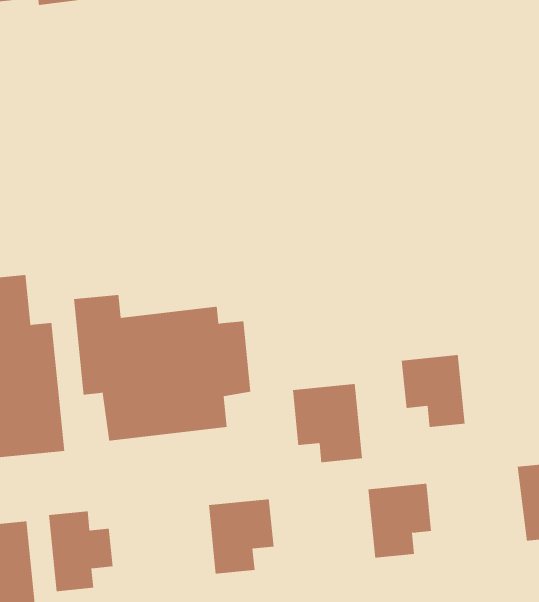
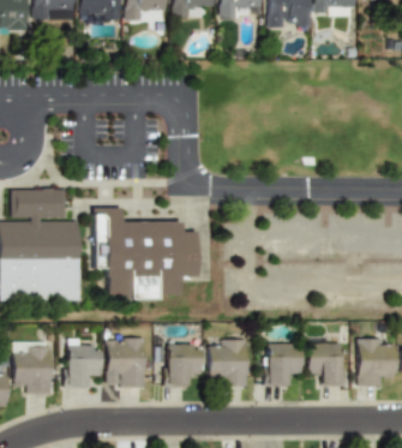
building: [401,355,465,427] -> [307,342,343,386]
building: [292,384,363,463] -> [209,340,248,387]
building: none -> [107,338,146,388]

